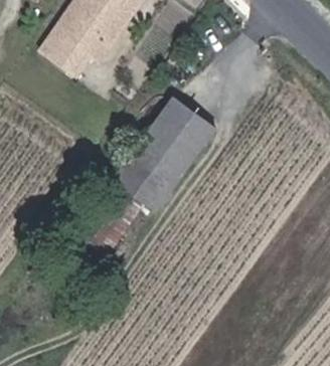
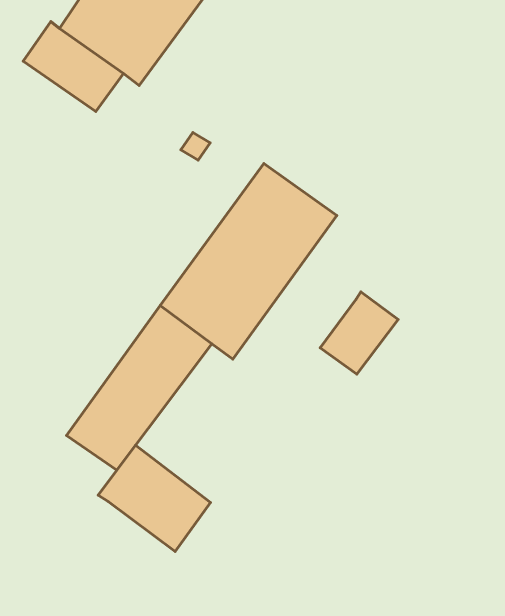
building: none -> [320,292,398,374]
building: none -> [98,445,211,552]

